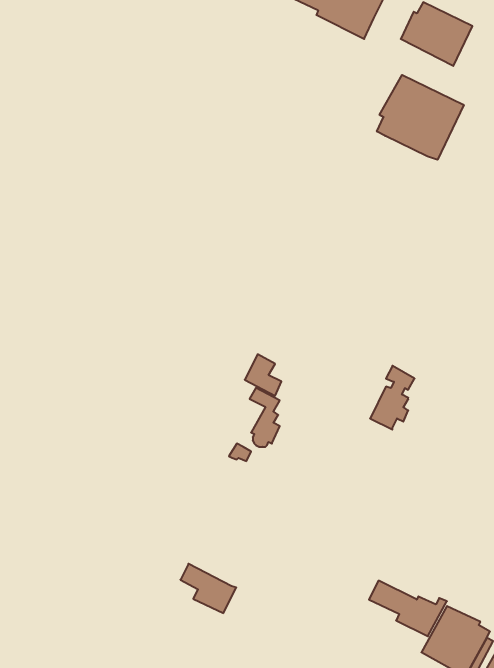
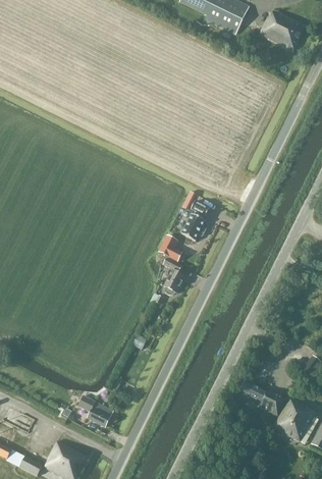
building: [377,75,464,160] -> none
building: [370,366,415,430] -> [180,200,209,241]
building: [180,564,236,613] -> [77,395,113,427]

